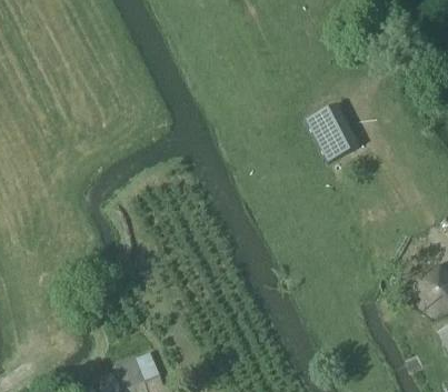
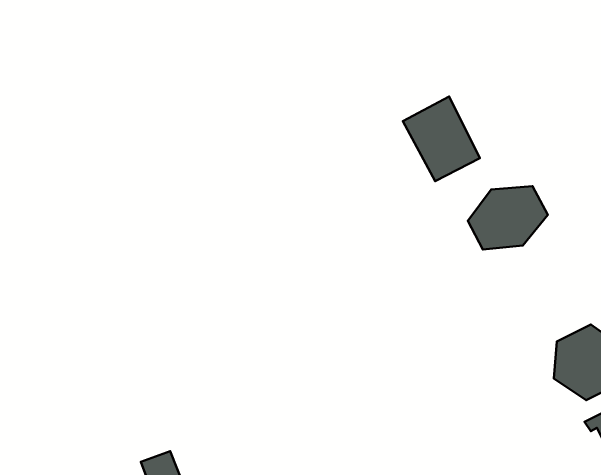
building: none -> [468,186,548,250]

